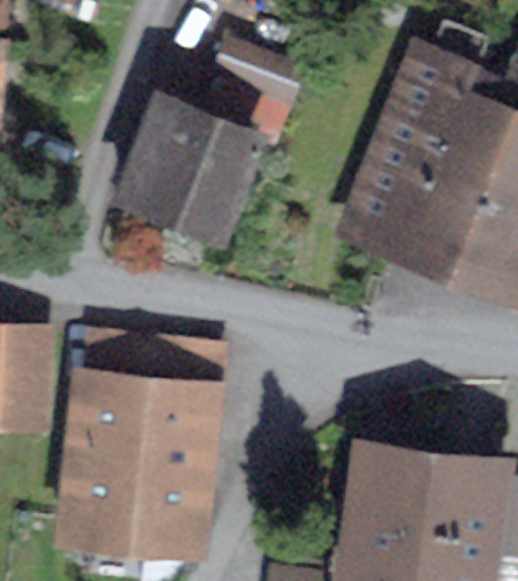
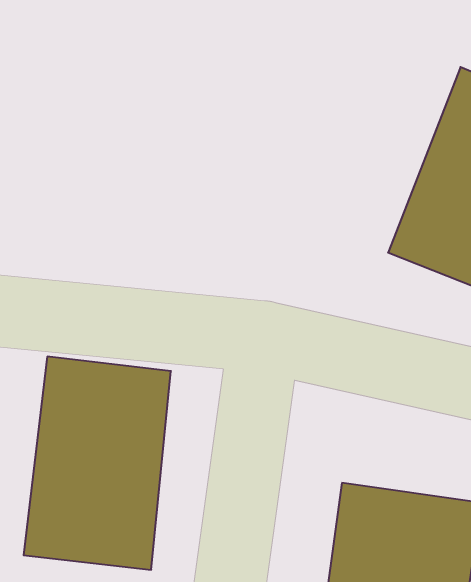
building: [118,55,302,235] -> none
building: [355,57,473,253] -> none

